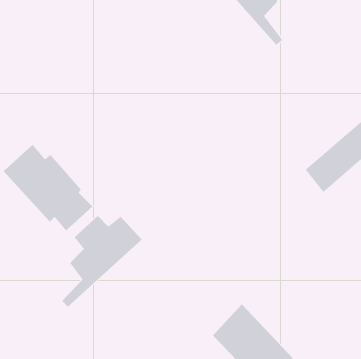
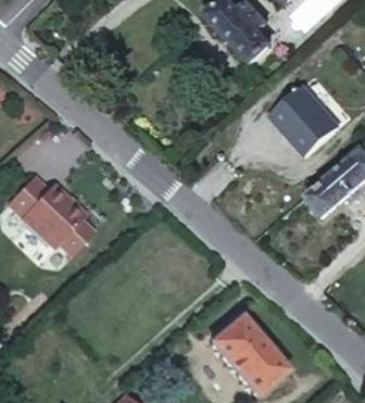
building: none -> [267,86,332,152]
building: [62,215,143,307] -> none

